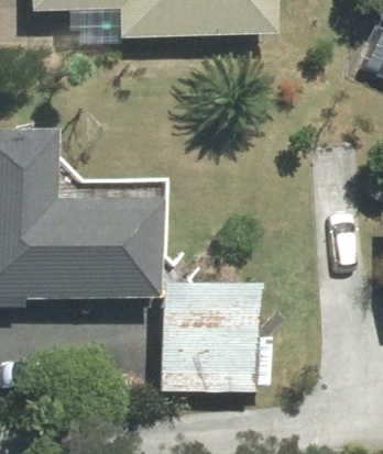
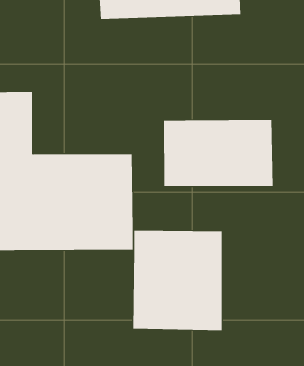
building: none -> [163,119,273,187]

